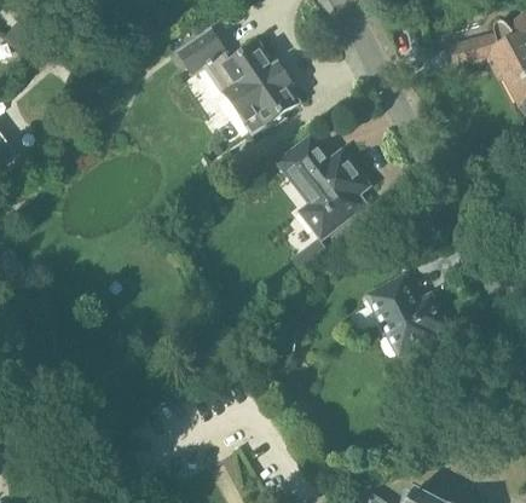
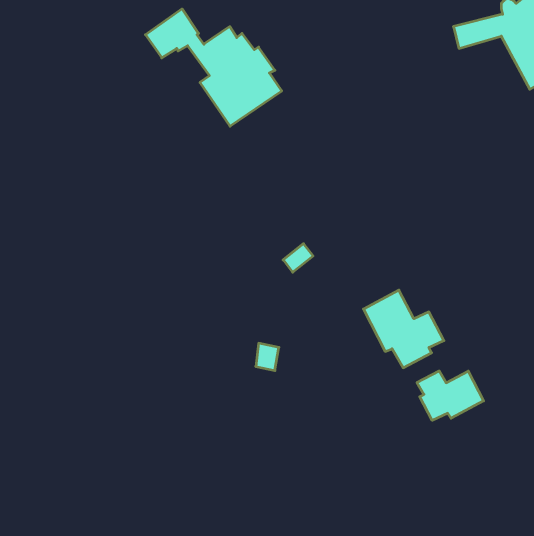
building: [274,133,368,236] -> none
building: none -> [417,371,484,420]

